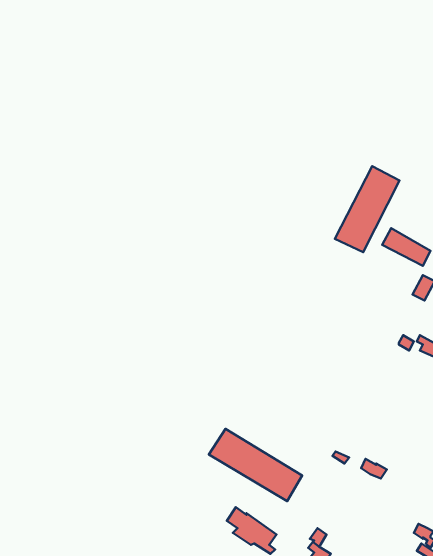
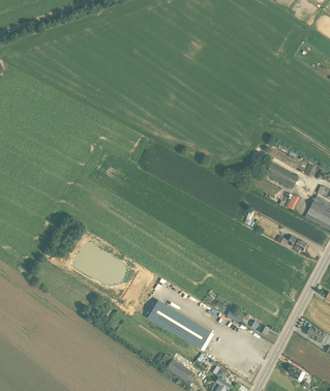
building: [335,166,399,252] -> none

